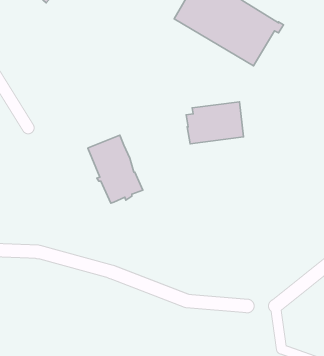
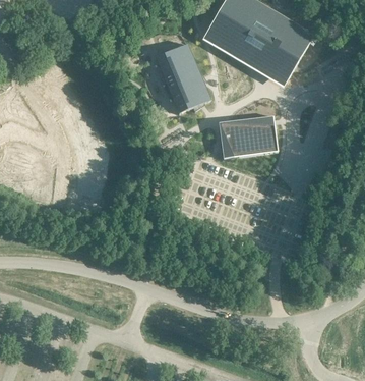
building: [88,135,143,203] -> [154,44,209,113]

